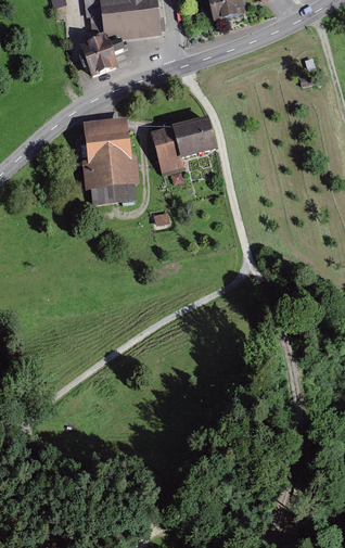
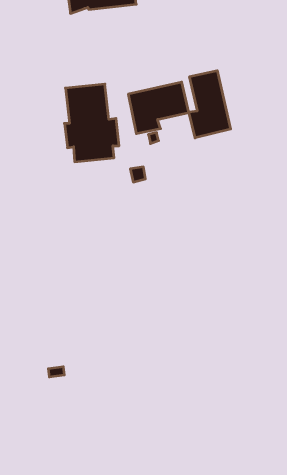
building: [80,36,119,77] -> none
building: none -> [189,71,231,138]

